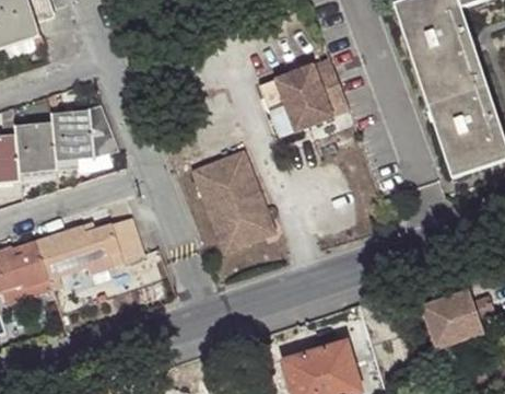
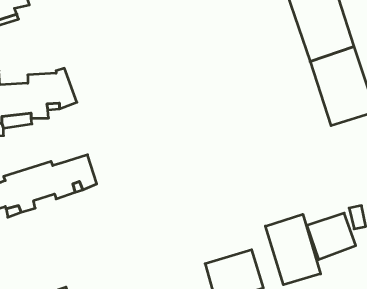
building: [261,57,350,136] -> none
building: [189,148,274,252] -> none
building: none -> [265,214,321,285]

